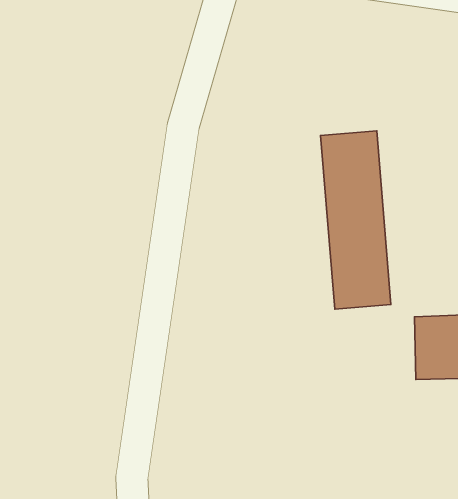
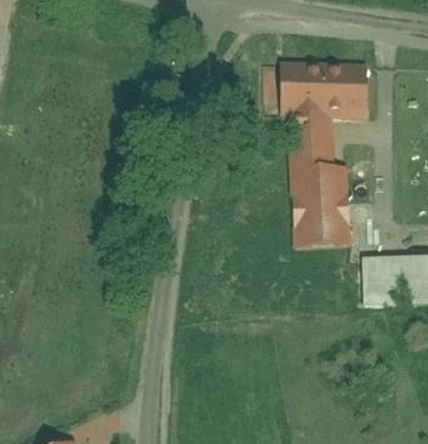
building: none -> [274,61,365,114]

